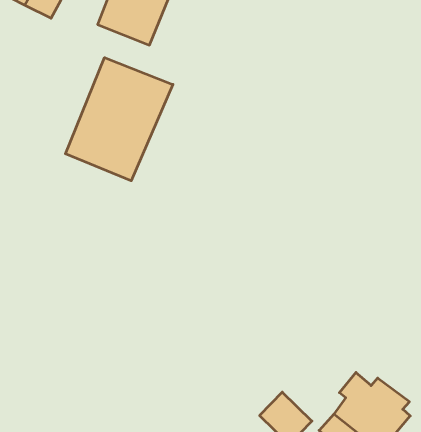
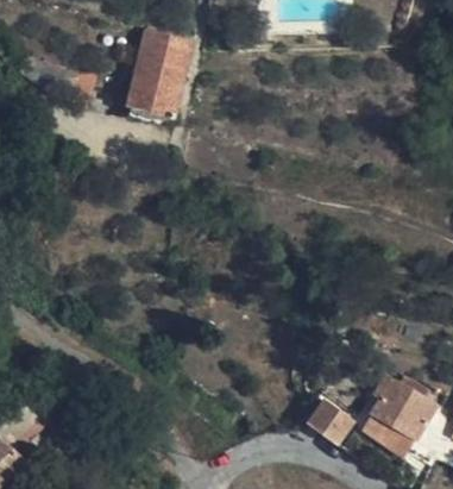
building: [65,58,173,181] -> none

